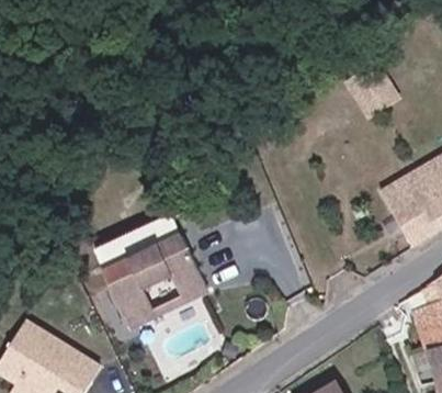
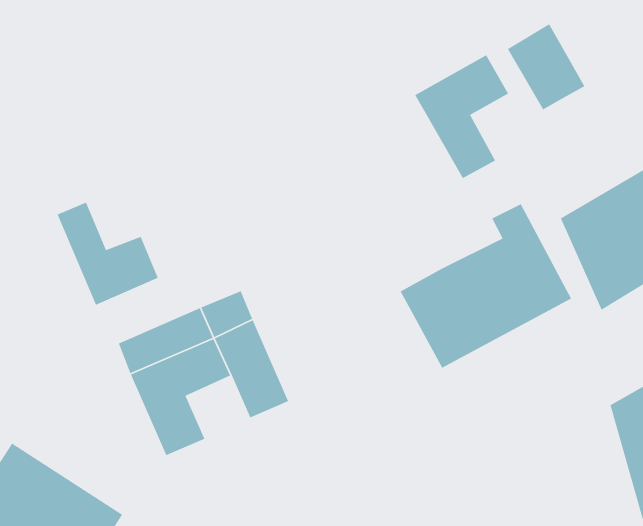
building: none -> [414,54,509,179]
building: none -> [56,202,159,306]
building: none -> [400,203,572,369]

